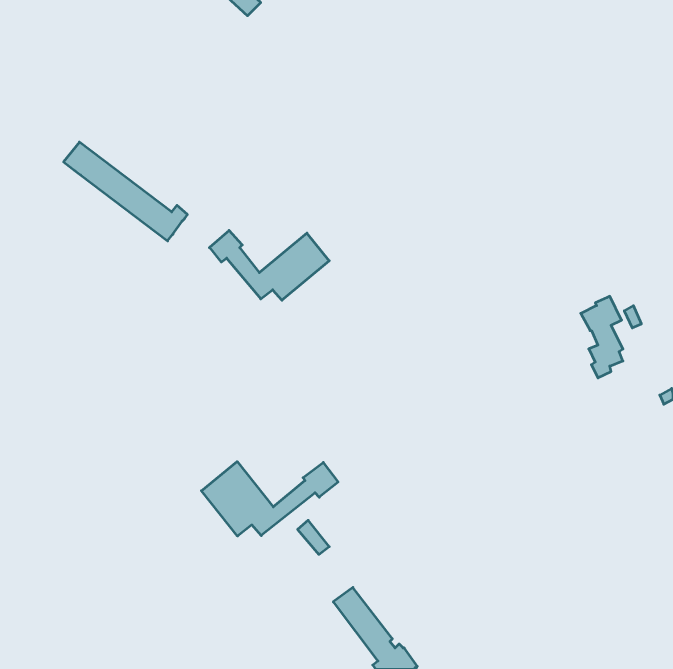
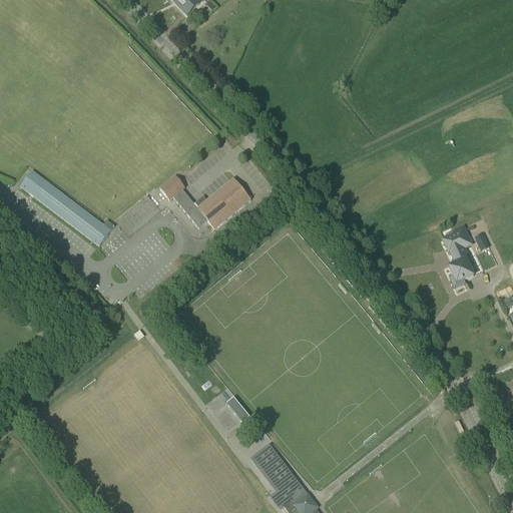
building: [64,142,187,241] -> [20,170,114,245]
building: [201,462,338,536] -> none

